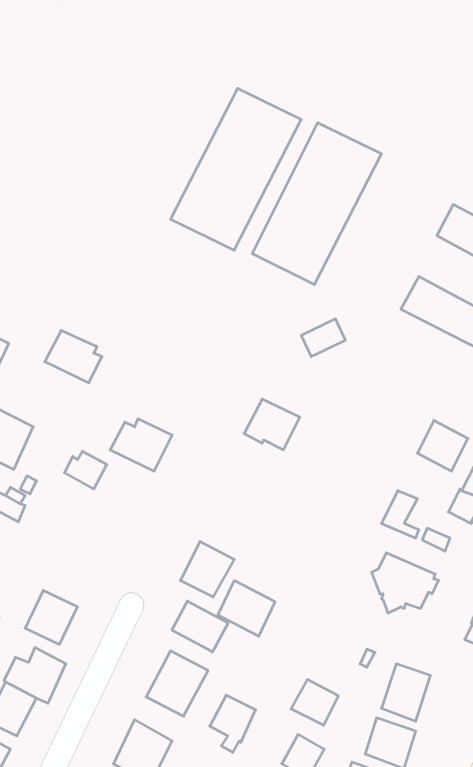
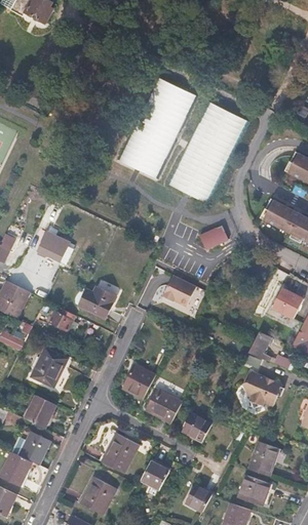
building: none -> [31,347,68,387]
building: [172,601,228,652] -> none
building: [291,680,338,725] -> [182,412,211,441]

